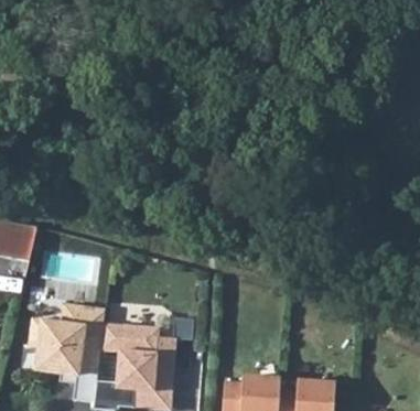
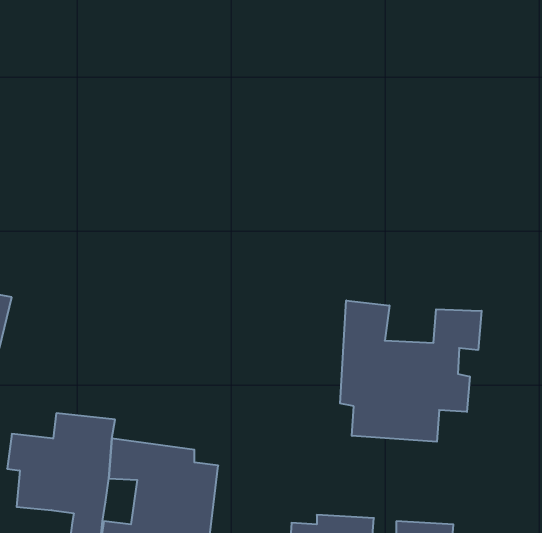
building: none -> [340,300,482,442]

